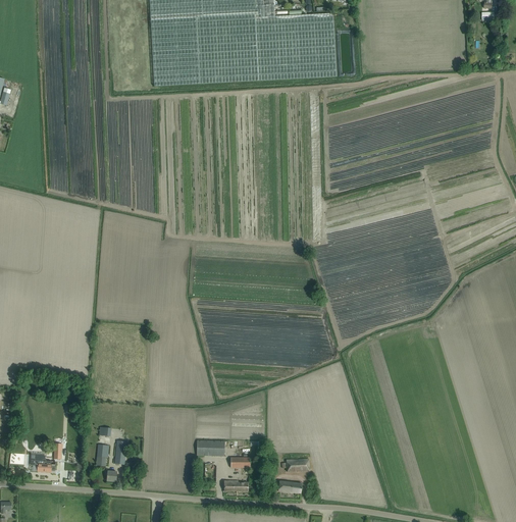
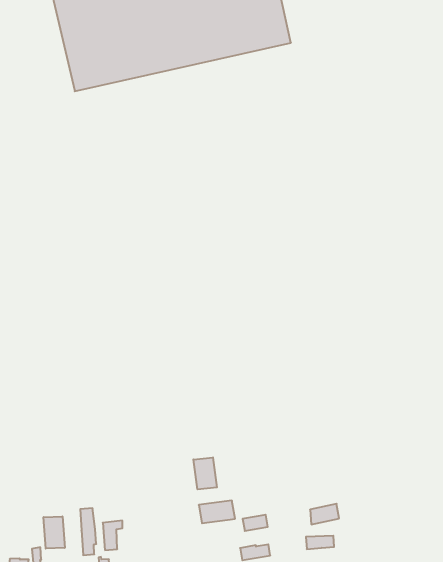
building: none -> [193,457,217,489]
building: none -> [44,516,65,549]

